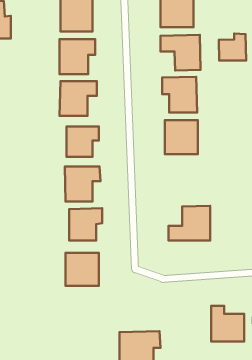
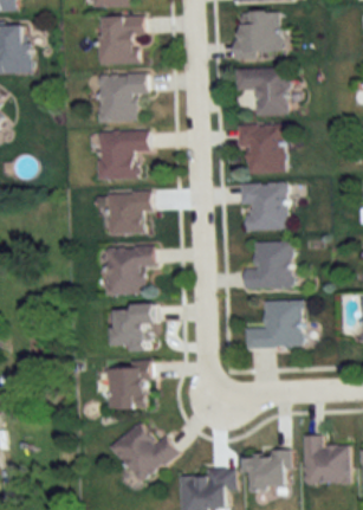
building: [219,34,246,60] -> none
building: none -> [244,240,293,288]
building: none -> [110,422,177,483]
building: none -> [246,452,290,490]

